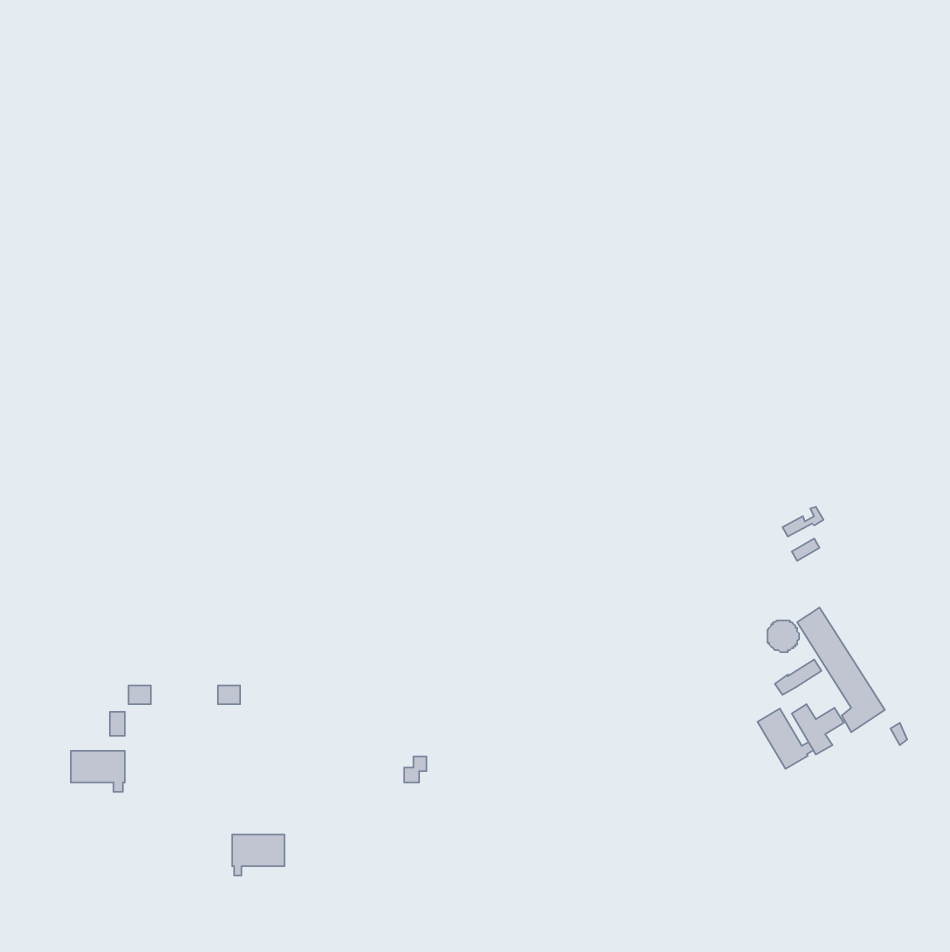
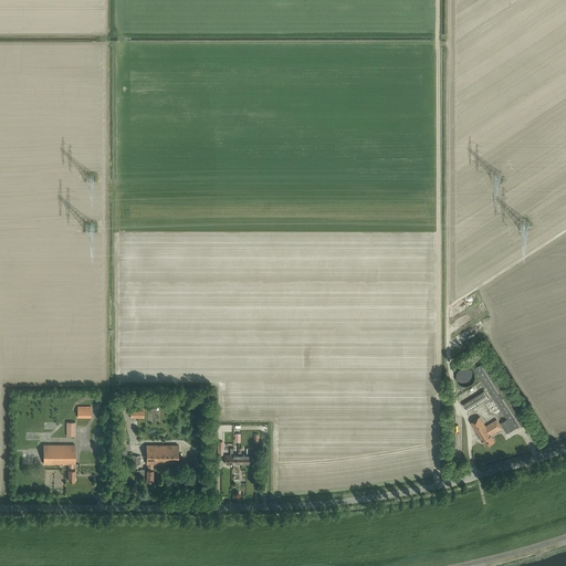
building: [758,709,813,769] -> none
building: [232,834,284,875] -> [146,446,177,470]

